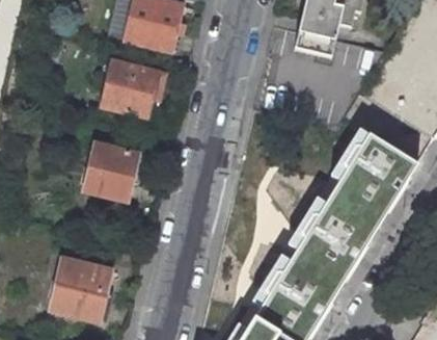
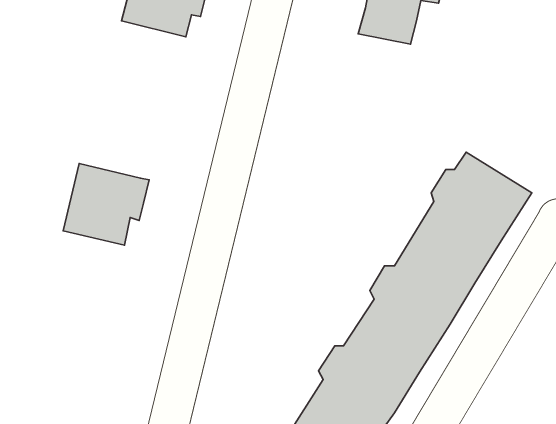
building: [101,60,166,116] -> none
building: [50,256,111,318] -> none

